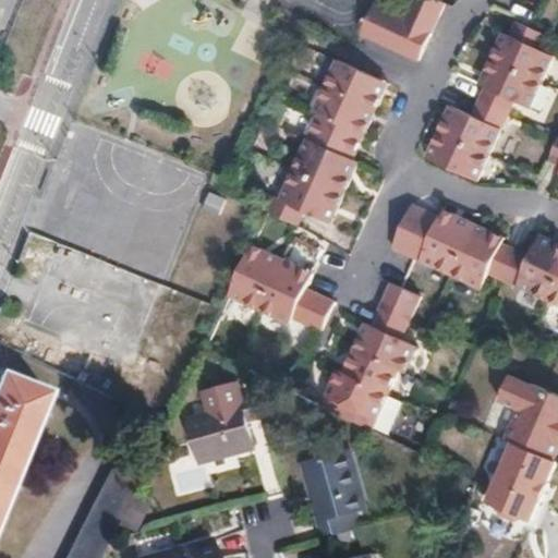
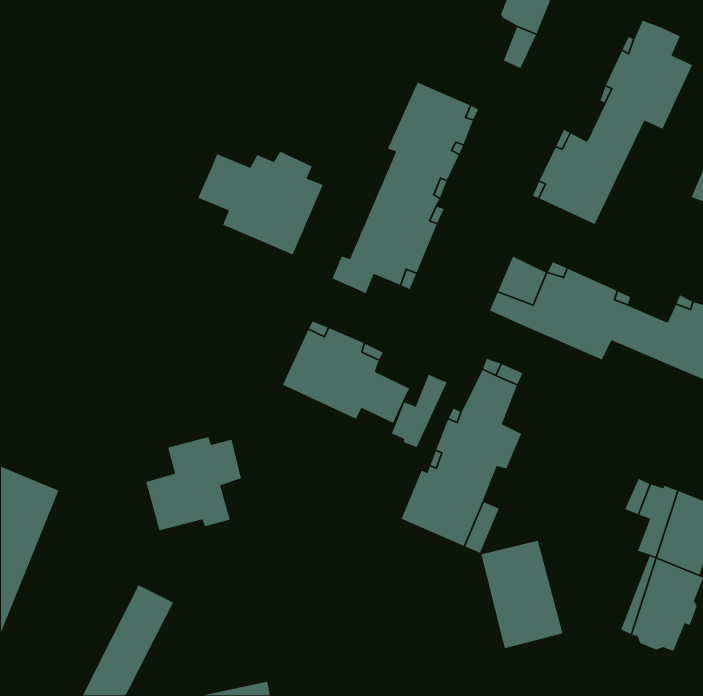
building: [369,7,410,48] -> none
building: none -> [197,150,324,255]
building: none -> [391,373,448,448]
building: [187,390,264,465] -> [145,436,242,531]
building: [304,456,369,542] -> [481,540,564,649]

